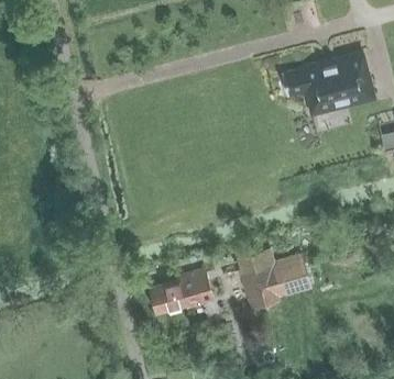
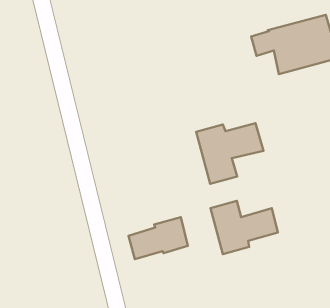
building: none -> [196,123,263,184]

